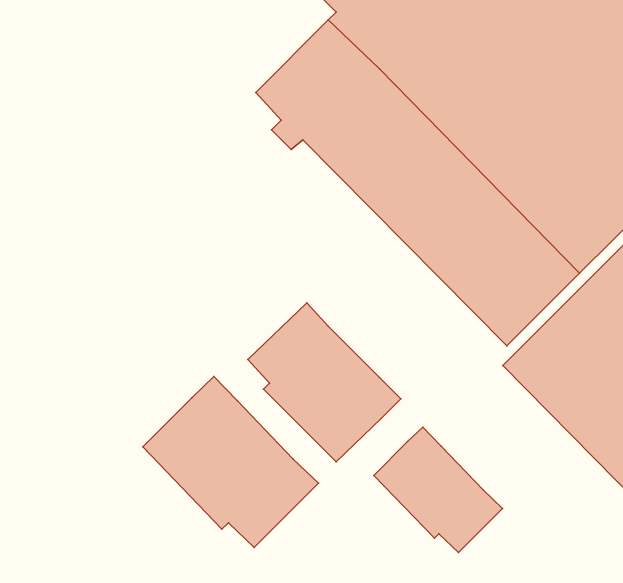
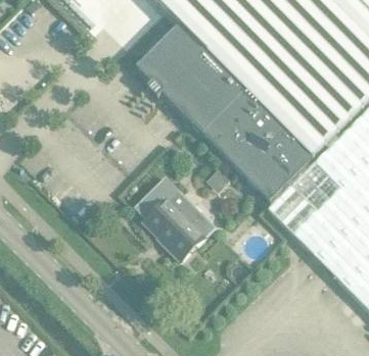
building: [143,376,319,547] -> none
building: [374,427,503,553] -> none

